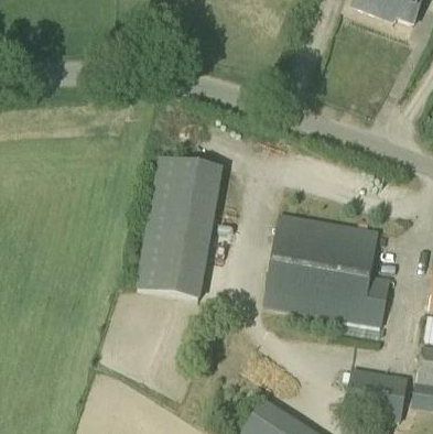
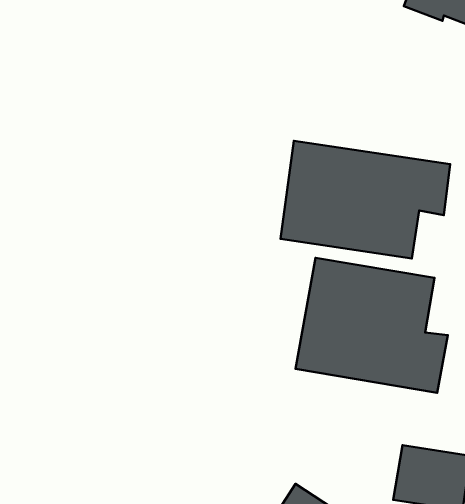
building: none -> [280,141,450,259]
building: [131,153,217,294] -> none

